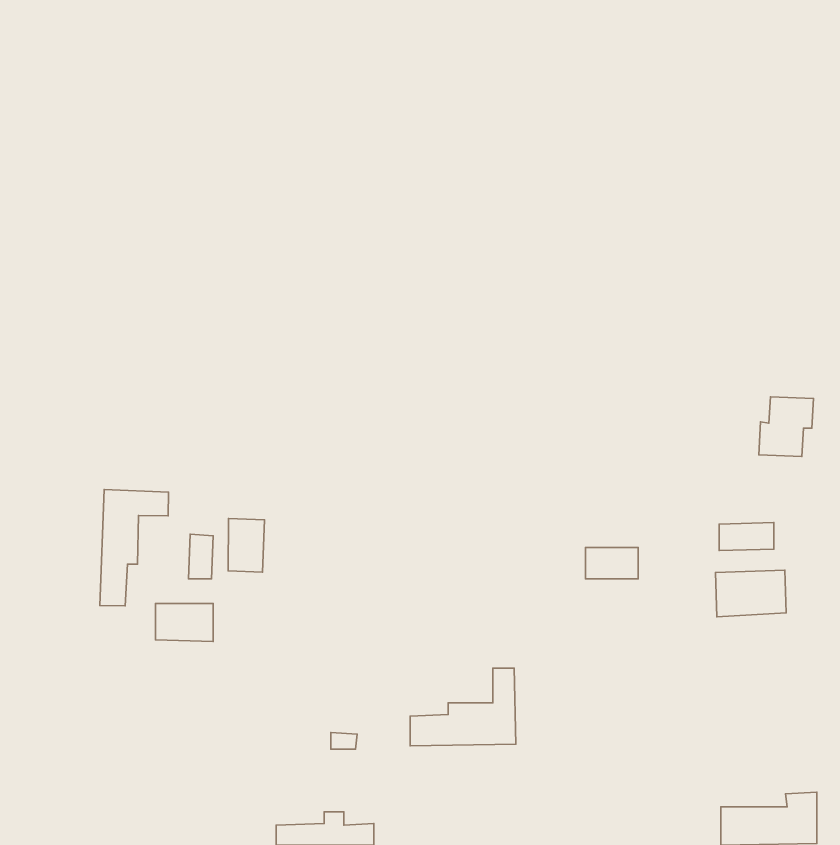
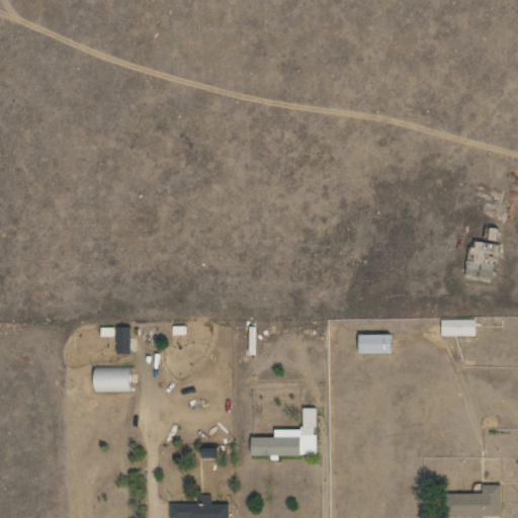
building: [100,489,169,606] -> none
building: [228,519,265,572] -> none
building: [715,570,786,617] -> none

